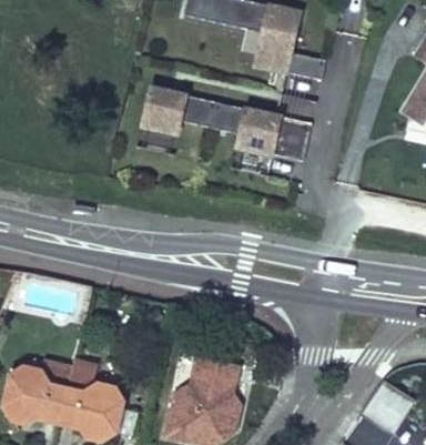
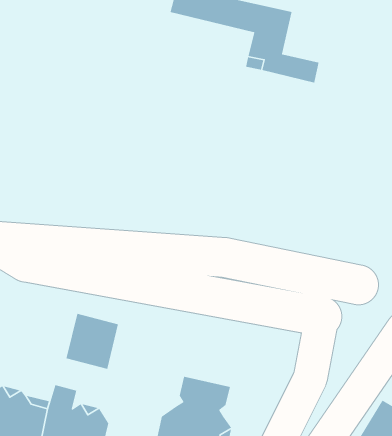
building: [142,87,310,161] -> none
building: none -> [66,313,119,370]

